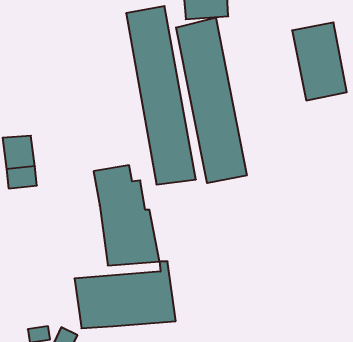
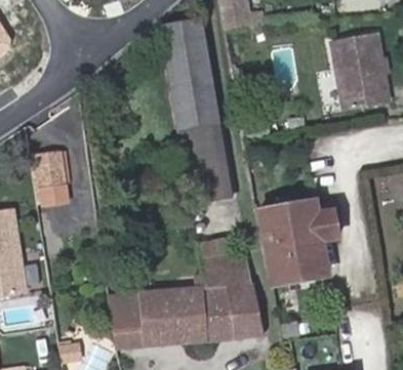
building: [176,18,247,183] -> none
building: [94,165,159,265] -> [197,237,264,338]
building: none -> [257,199,338,284]

